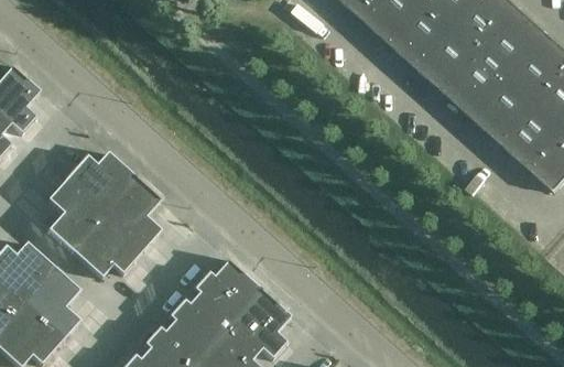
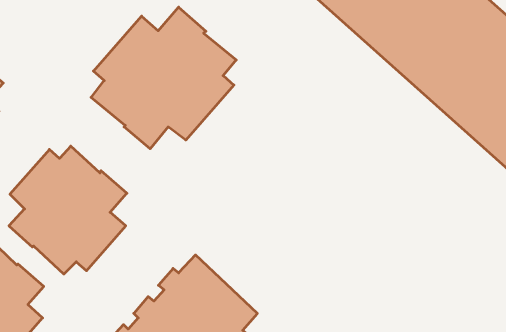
building: none -> [91,7,236,149]

